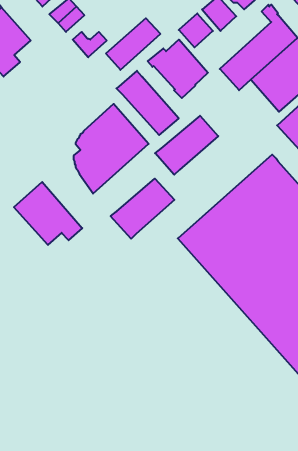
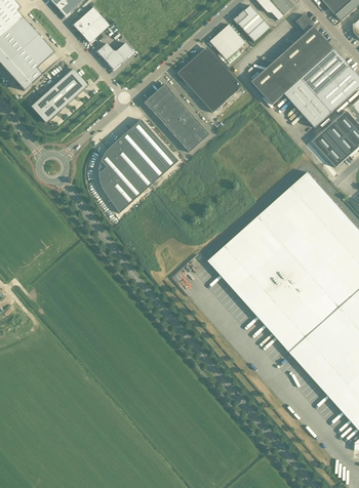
building: [106,18,160,70] -> [30,68,87,122]
building: [155,116,218,175] -> none
building: [111,179,174,239] -> none
building: [14,182,82,245] -> none

